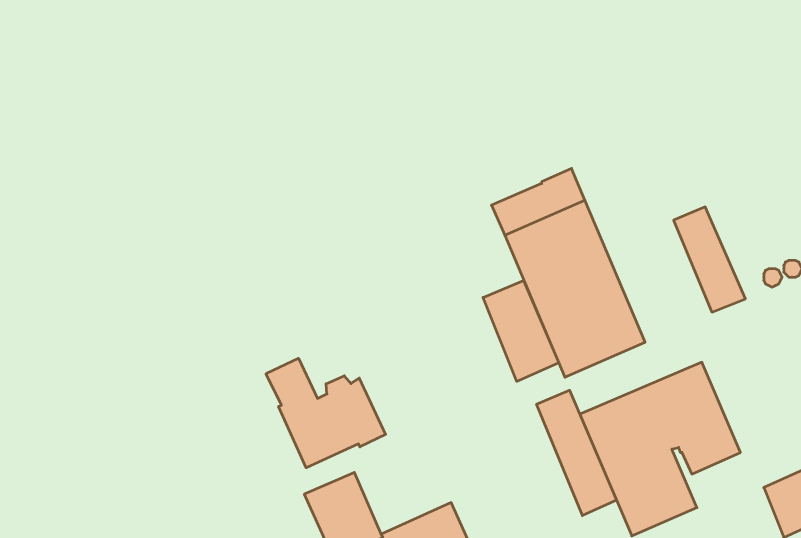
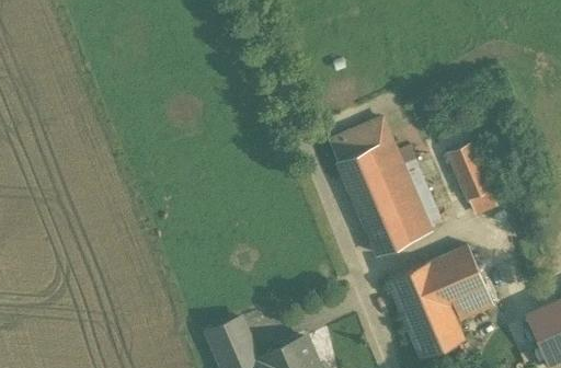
building: [483,280,559,381] -> none
building: [266,358,386,468] -> none
building: [537,390,617,516] -> none

